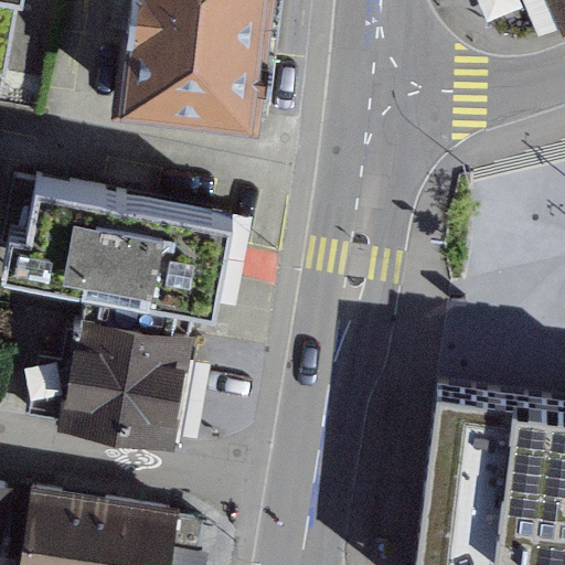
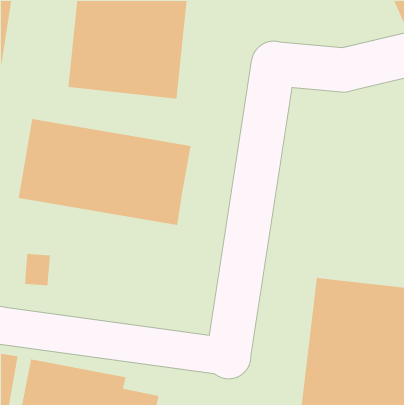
building: [89,319,221,451] -> none

